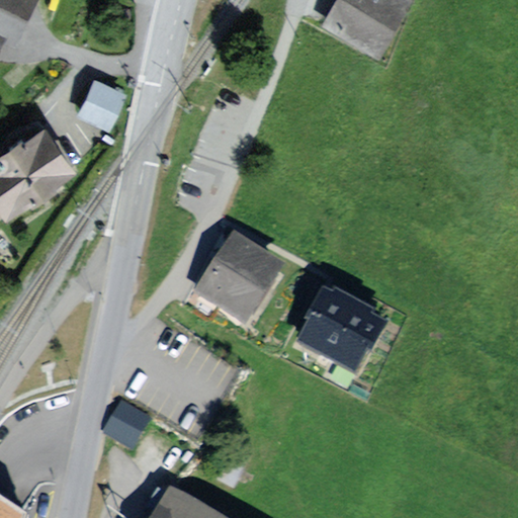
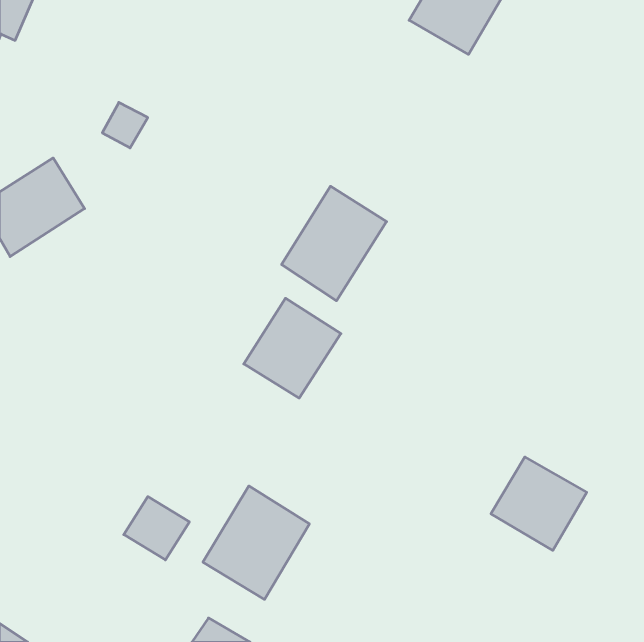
building: none -> [282,186,387,301]
building: [304,295,380,370] -> [491,457,587,550]
building: none -> [203,486,309,599]

